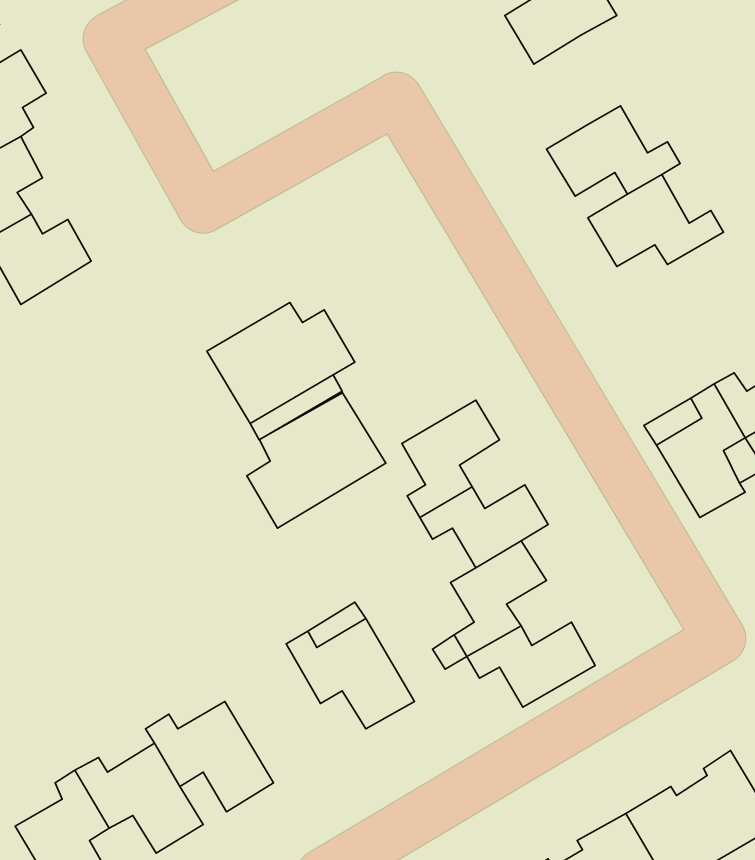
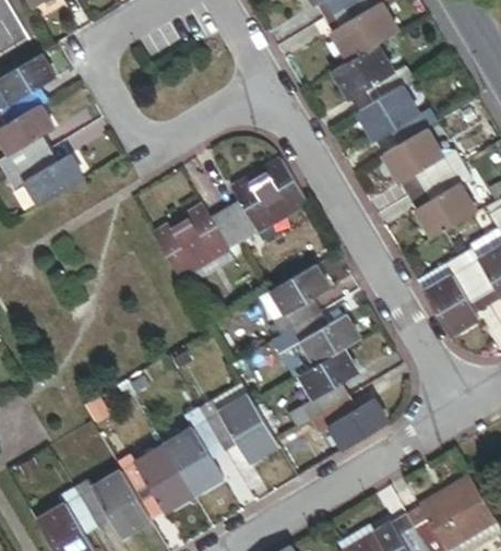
building: none -> [333,44,414,99]
building: none -> [415,163,476,239]
building: [247,393,386,528] -> [223,159,307,241]
building: none -> [163,411,222,495]

